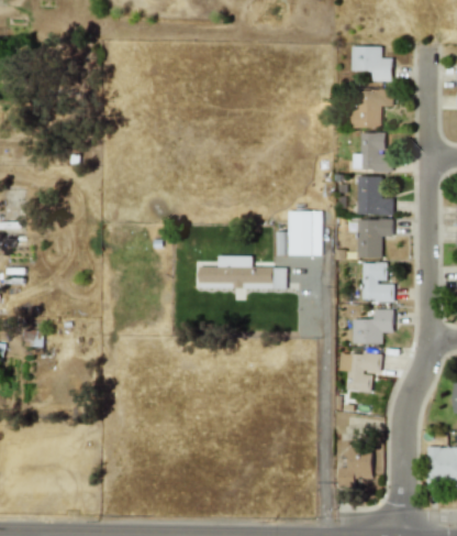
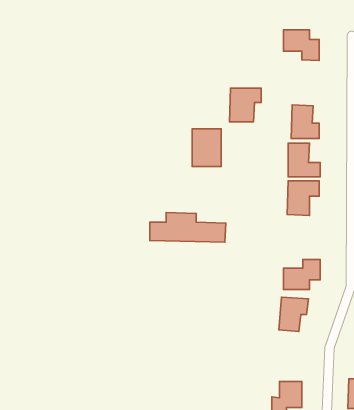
building: [354,89,390,128] -> [229,88,261,122]
building: [288,211,321,254] -> [192,129,221,166]
building: [361,262,393,300] -> none

